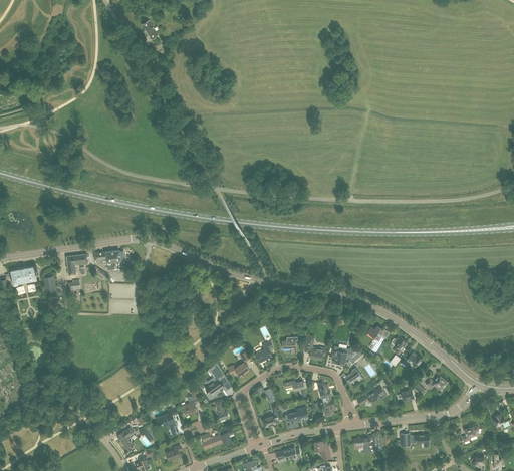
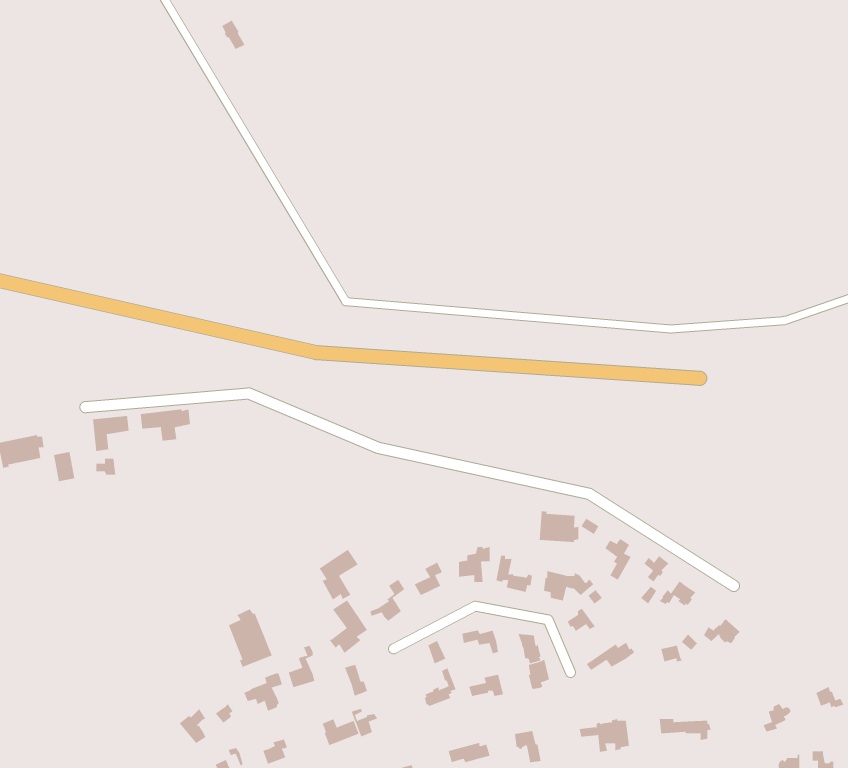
building: none -> [539,511,579,543]
building: none -> [319,549,359,601]
building: none -> [228,608,272,668]

